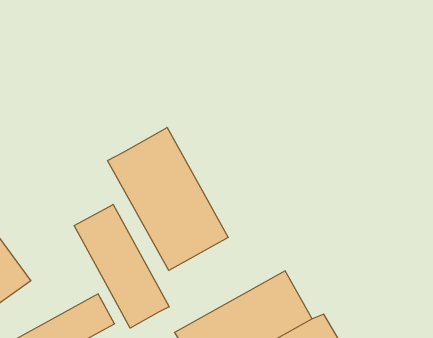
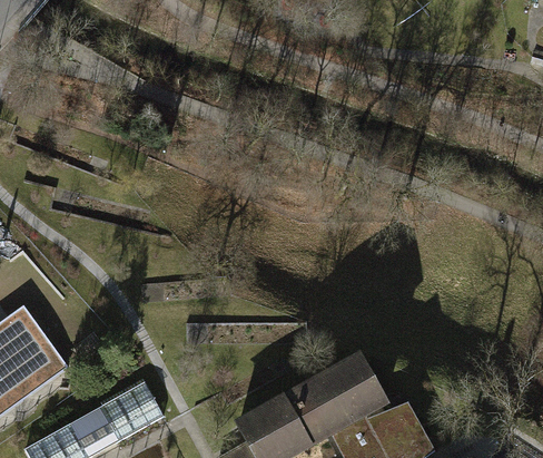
building: [108,127,228,270] -> none
building: [74,204,169,328] -> none

